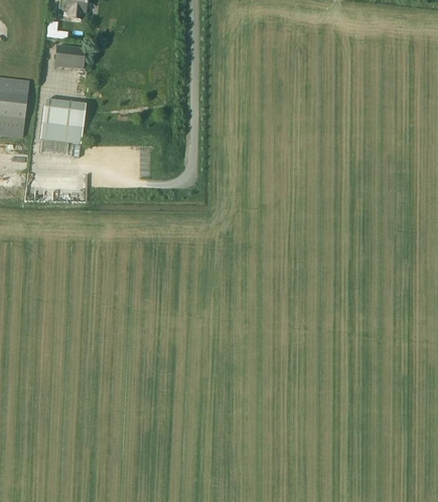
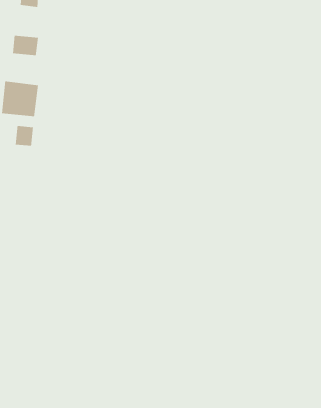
building: none -> [15,125,34,146]

